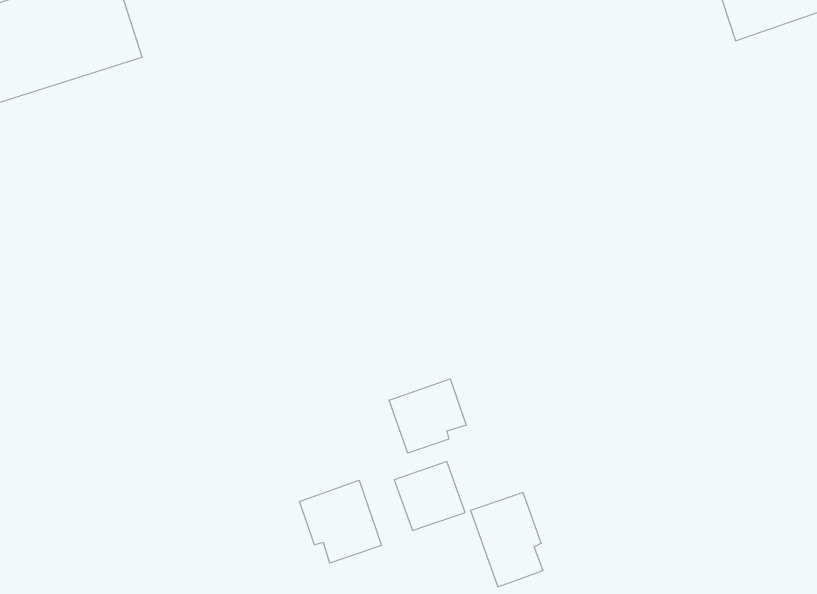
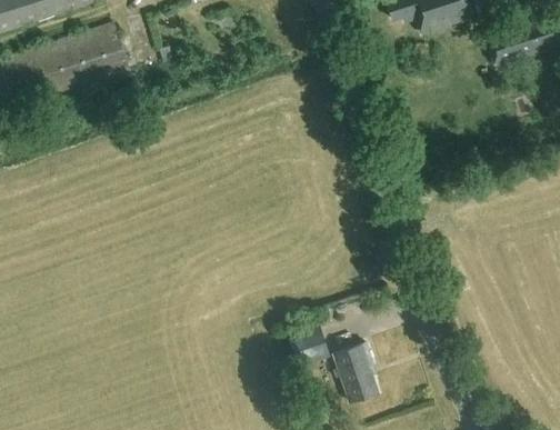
building: [389,379,466,453] -> none
building: [299,480,382,563] -> none

